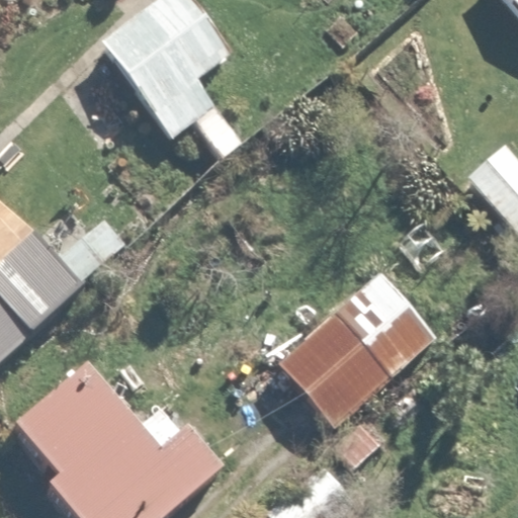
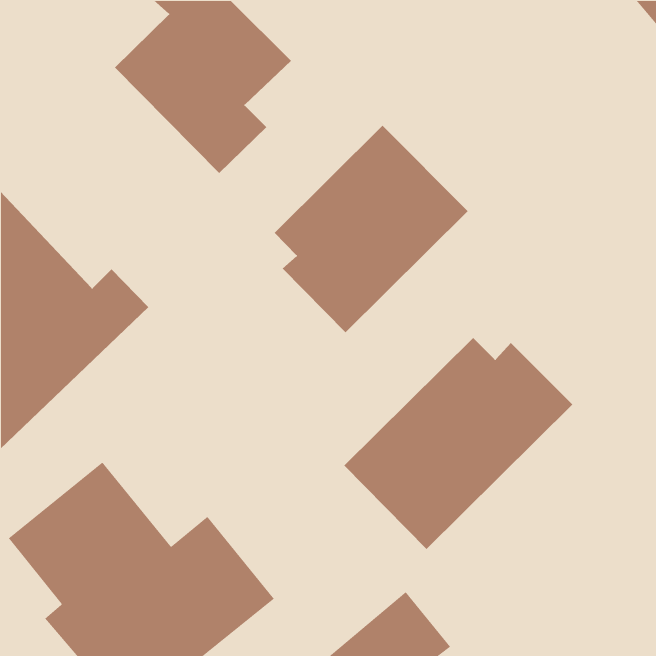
building: none -> [274,125,469,333]

